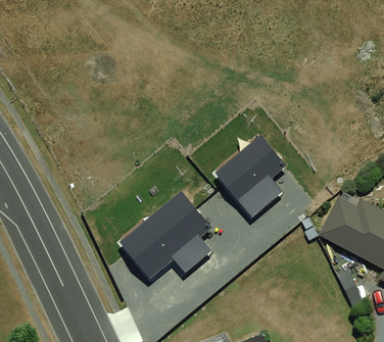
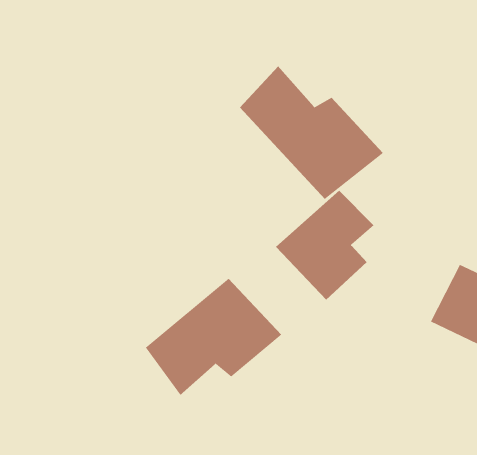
building: none -> [239,66,384,200]

